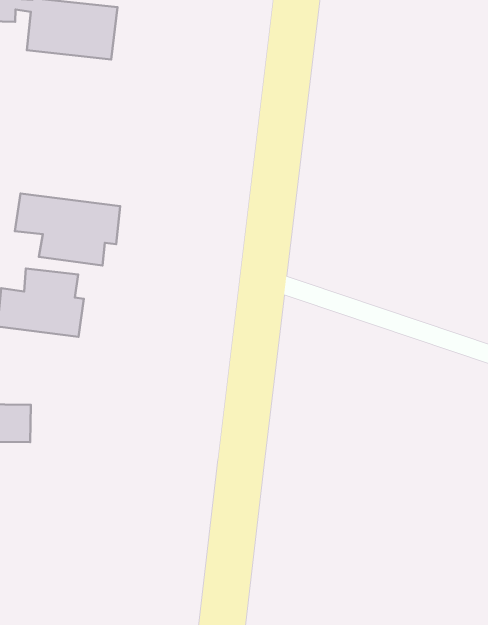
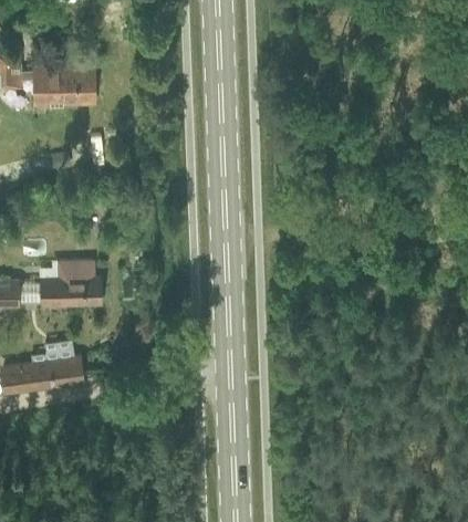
building: [15,193,120,265] -> none

